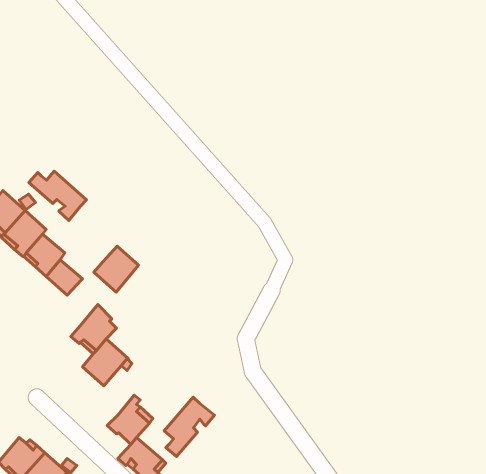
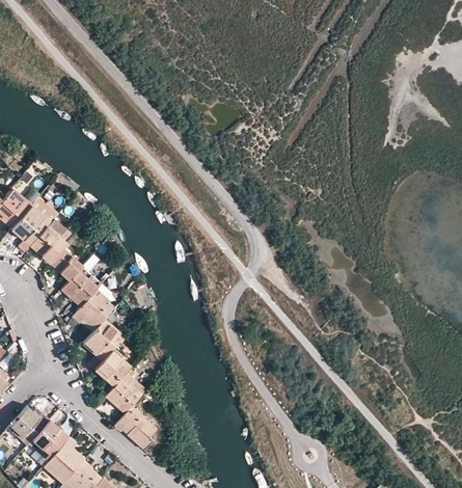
building: [29,171,86,220] -> none
building: [94,246,138,292] -> [61,267,101,307]
building: none -> [94,350,131,386]
building: [164,397,215,457] -> none

